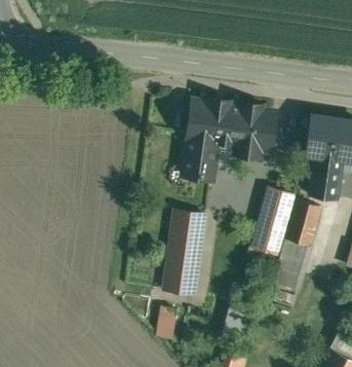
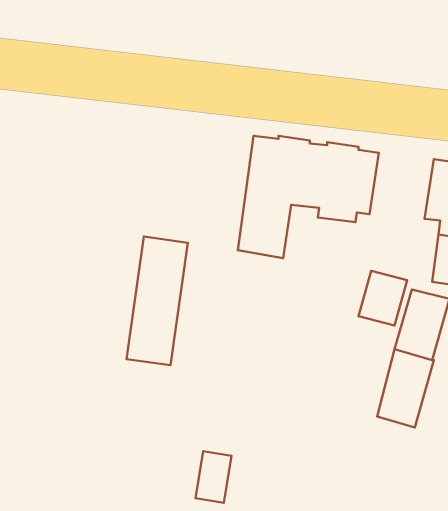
building: [164,211,204,295] -> [127,237,188,365]
building: [252,219,285,255] -> none

